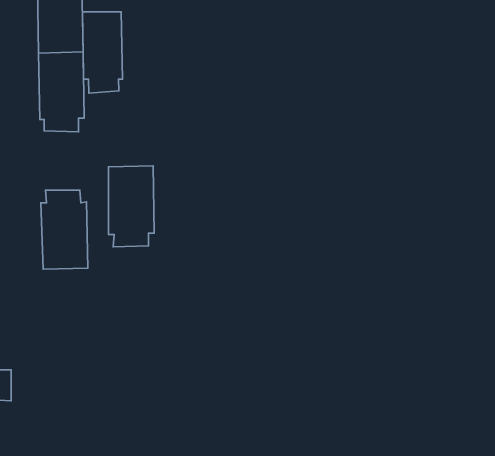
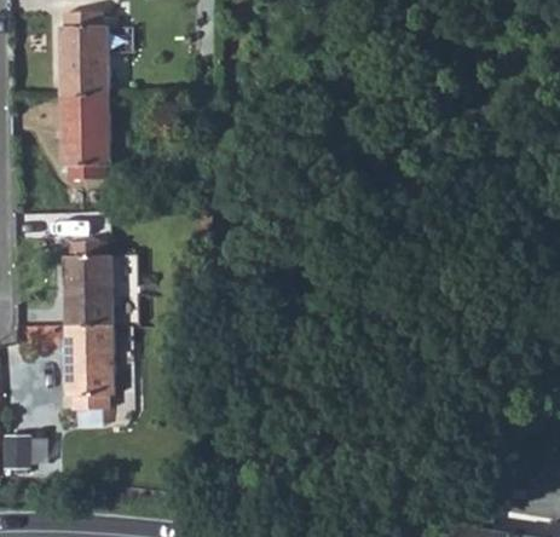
building: [82,12,122,93] -> none
building: [108,166,154,247] -> [65,328,114,414]

